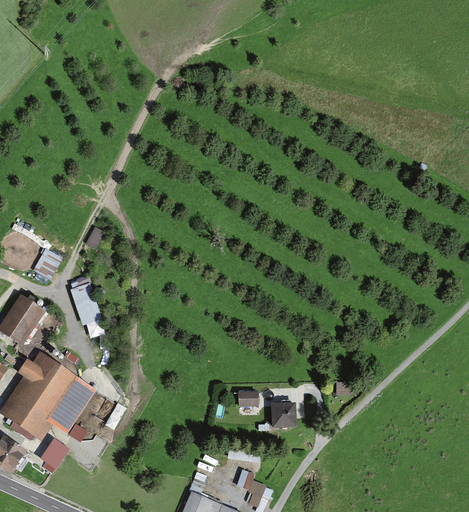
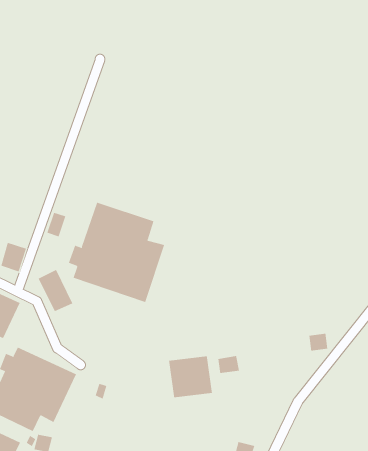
building: none -> [68,202,165,303]
building: none -> [169,356,212,398]
building: [273,395,298,428] -> none

